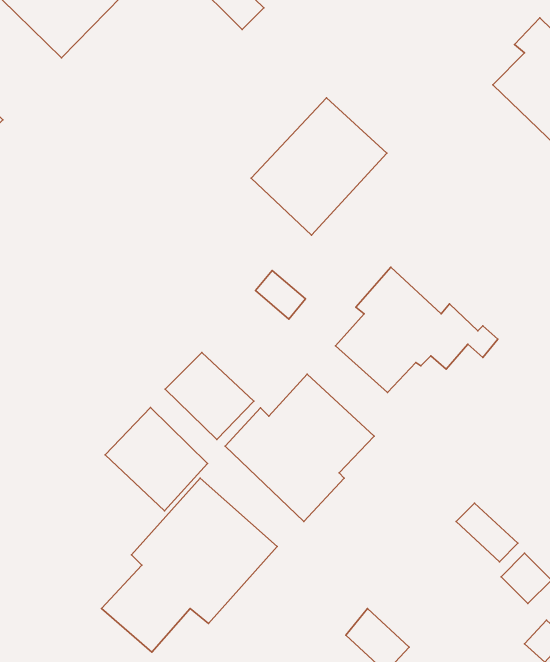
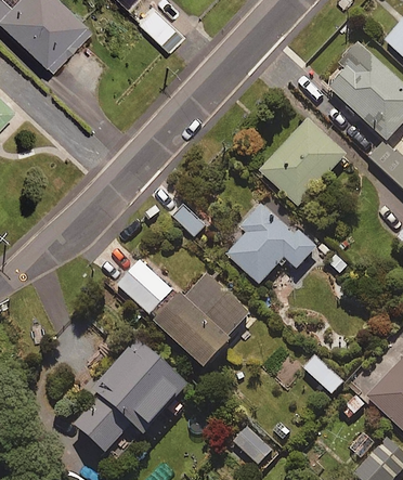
building: [251,98,387,235] -> [259,118,347,207]
building: [105,408,208,511] -> none

